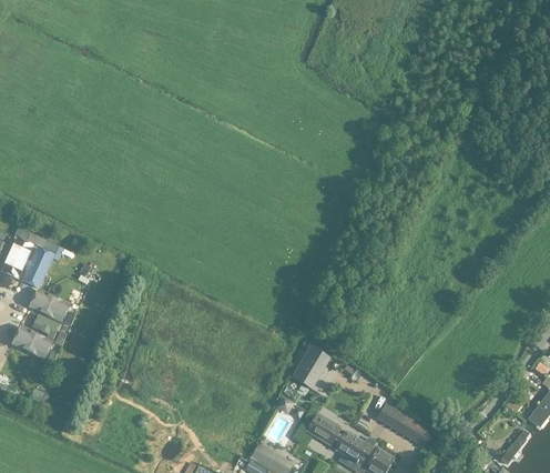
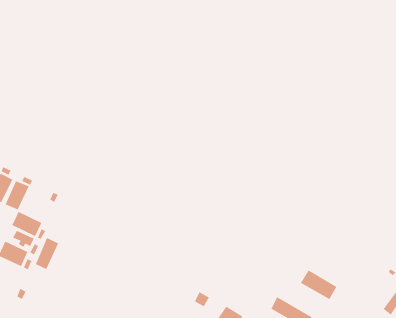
building: none -> [35,237,59,270]
building: [292,345,329,388] -> none
building: none -> [300,269,337,300]

